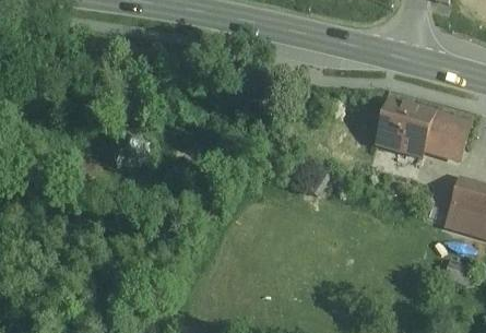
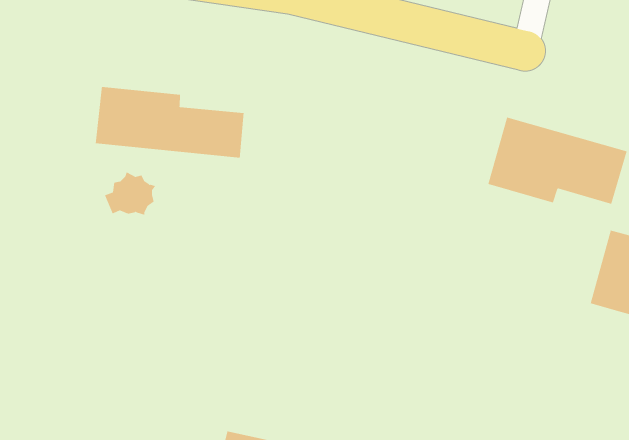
building: none -> [95,86,244,158]

